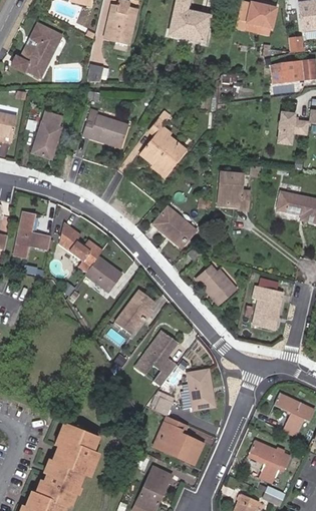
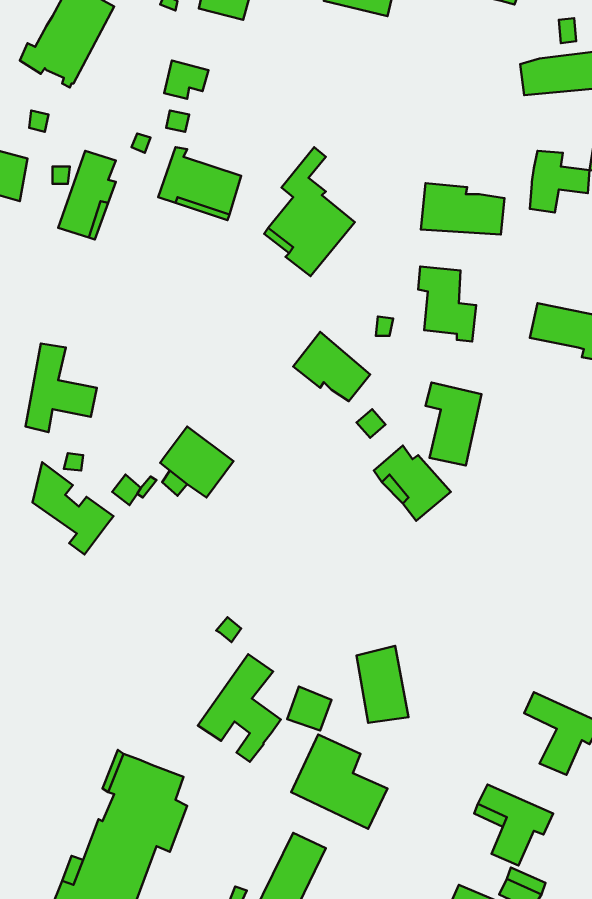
building: none -> [421,183,504,235]
building: [60,222,102,271] -> [32,462,113,555]
building: [253,286,282,329] -> [426,383,481,465]
building: [115,291,155,333] -> none
building: [134,329,178,385] -> [198,654,281,762]

